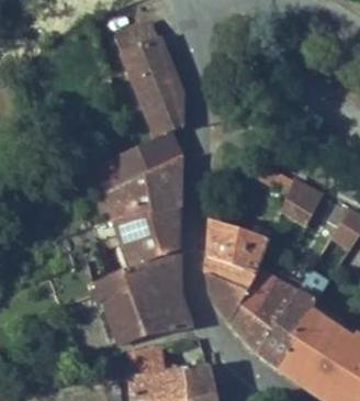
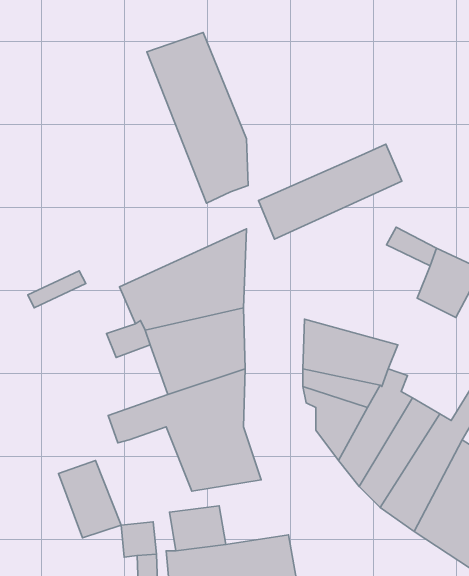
building: [80,135,178,200] -> [259,144,402,239]
building: [98,296,140,348] -> [58,461,121,538]

